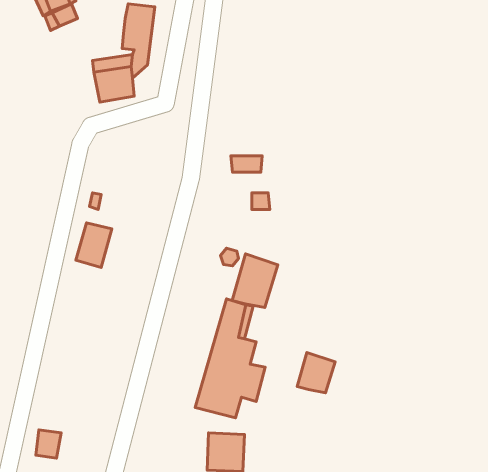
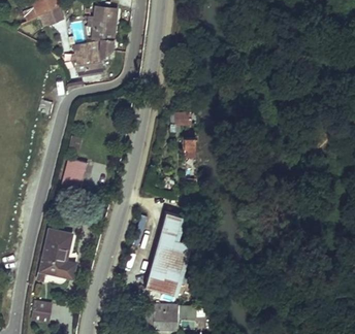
building: [232,254,278,308] -> none
building: none -> [39,230,73,277]
building: [297,353,335,393] -> none

